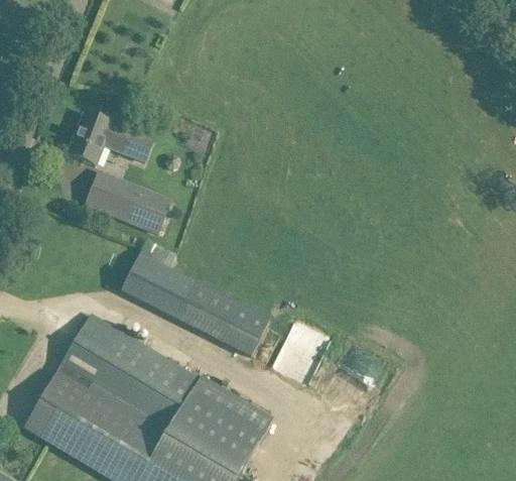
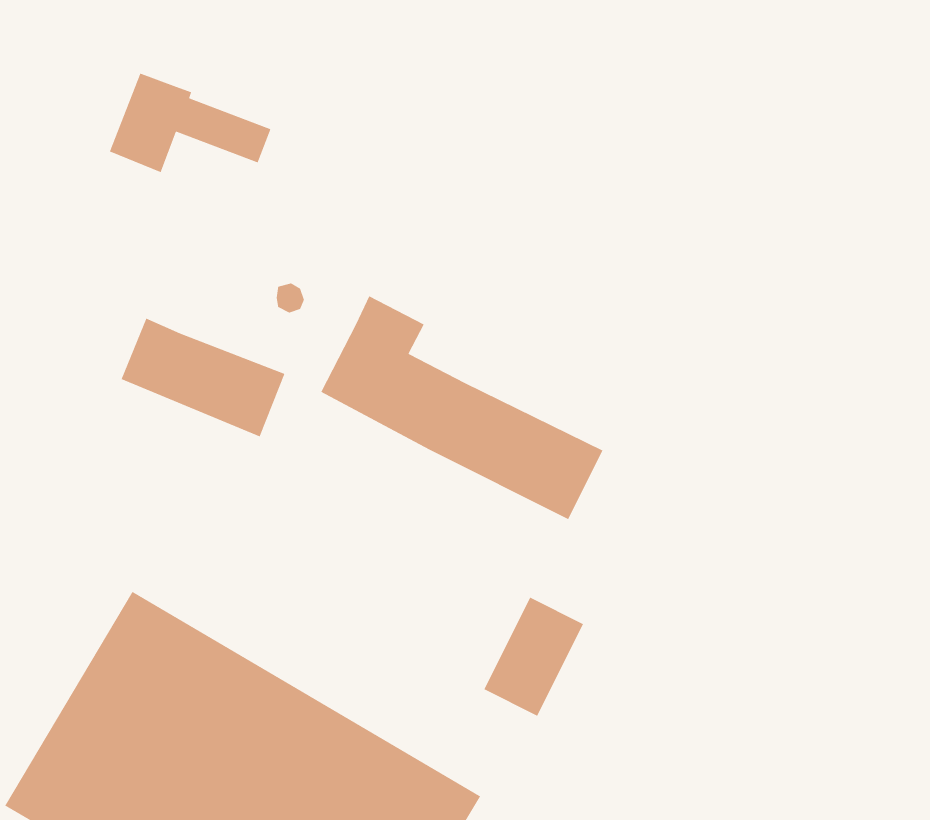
building: [69,113,153,165] -> [109,73,272,173]
building: [122,239,269,356] -> [320,295,603,520]

